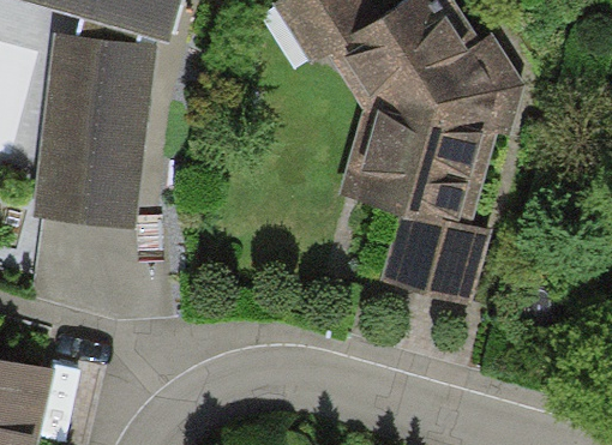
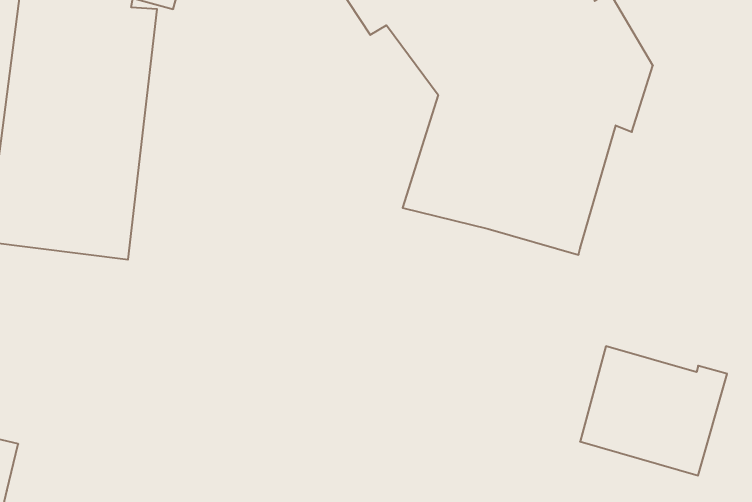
building: [382,211,491,307] -> [580,346,727,476]

